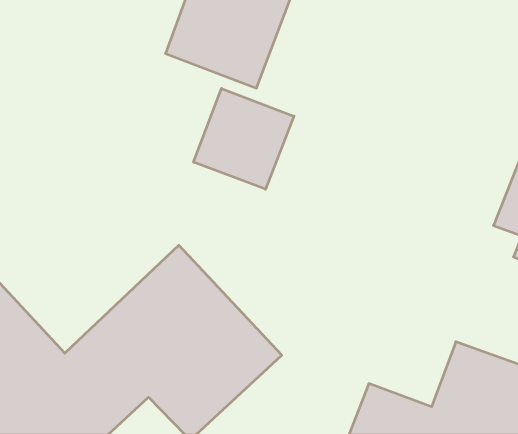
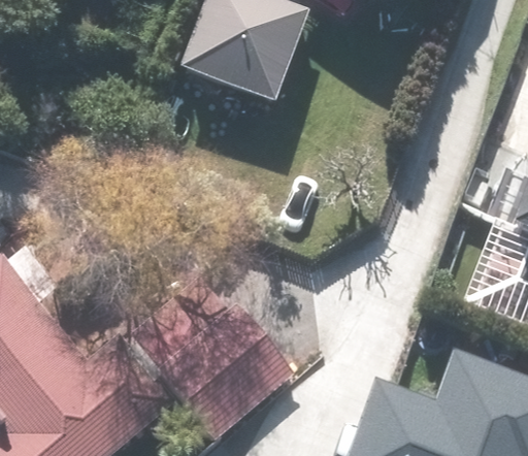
building: [194,88,294,189] -> none

